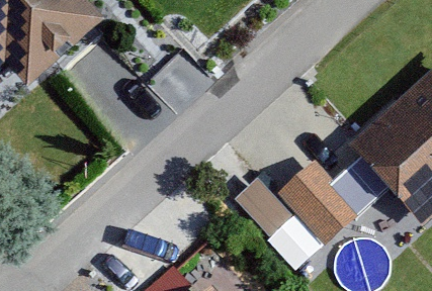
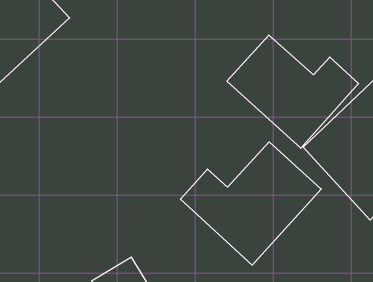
building: none -> [227,35,359,148]

